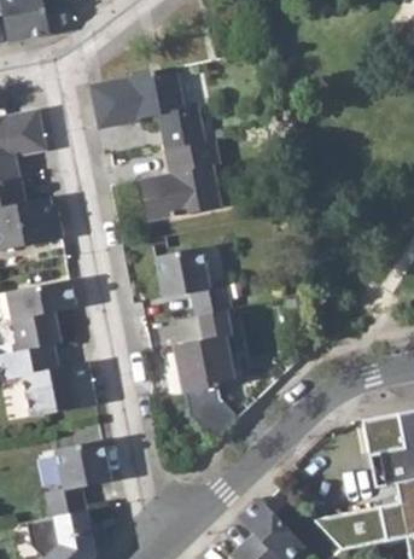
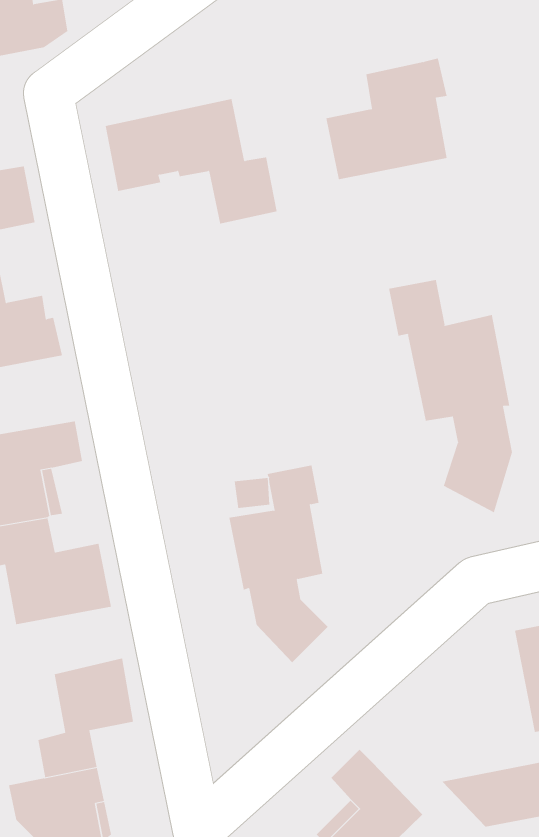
building: [139,140,220,221] -> [326,58,447,180]
building: none -> [388,279,513,513]
building: [154,249,229,316] -> none

